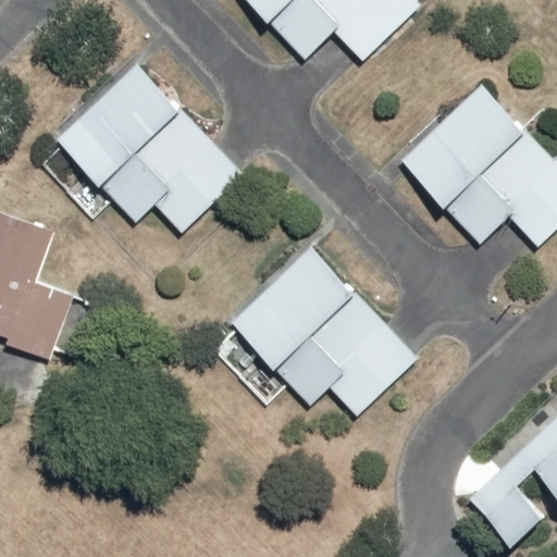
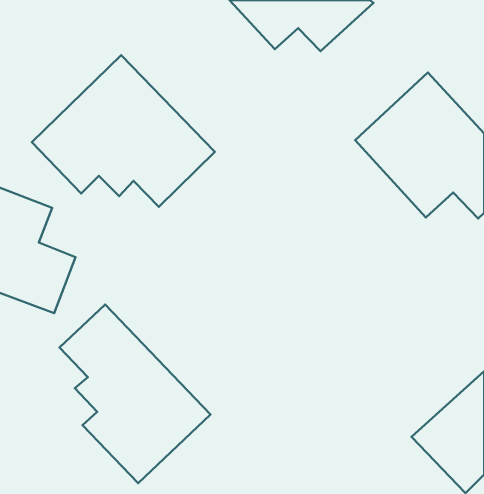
building: [205,246,418,413] -> none
building: none -> [59,304,211,483]

